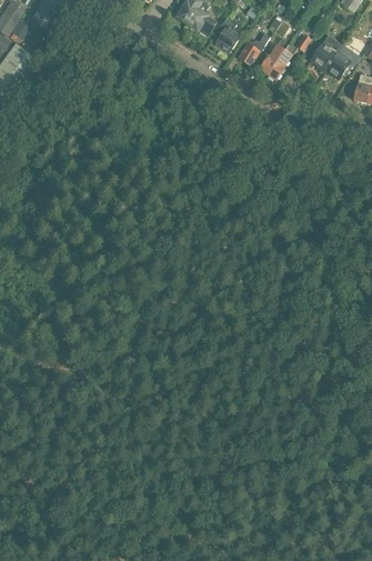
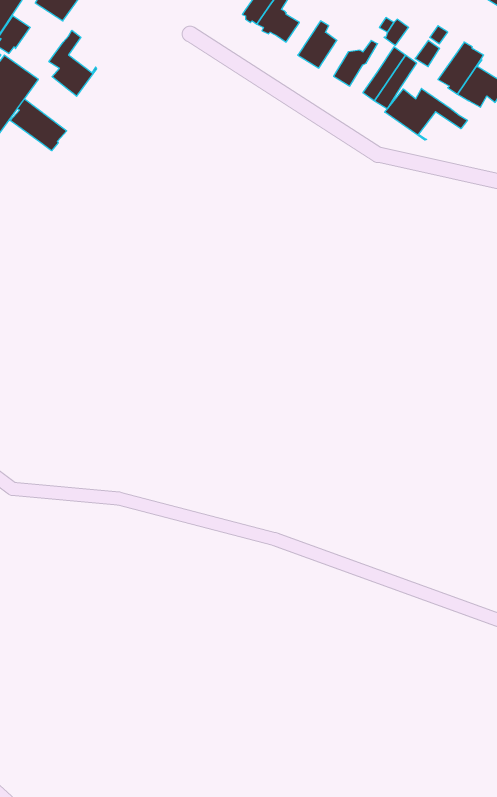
building: none -> [49,30,97,96]
building: none -> [385,88,467,140]
building: none -> [10,99,67,151]

